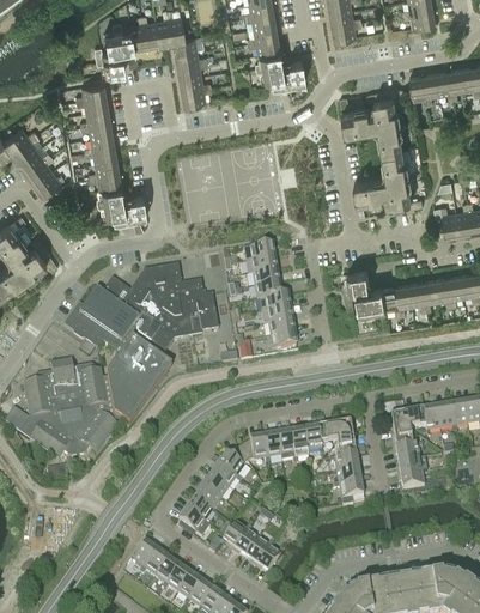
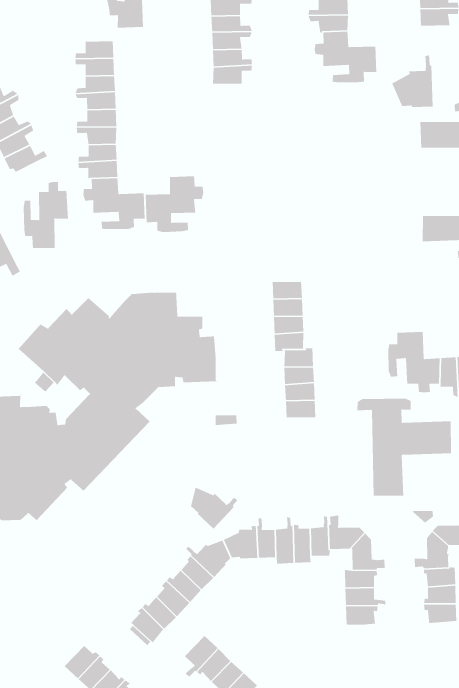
building: none -> [391,54,434,108]
building: none -> [145,176,204,233]
building: none -> [23,181,69,249]
building: none -> [357,398,452,497]
building: none -> [190,487,239,529]

